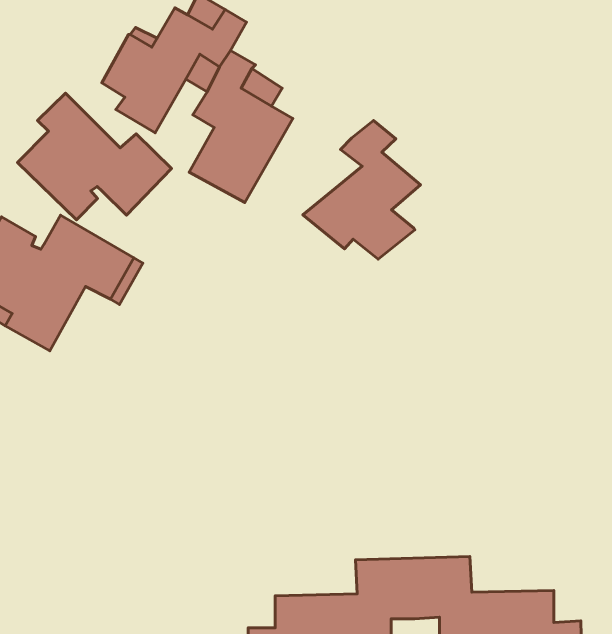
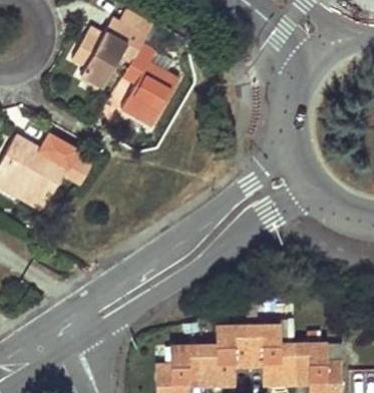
building: [17,93,172,220] -> none
building: [303,120,421,259] -> none

